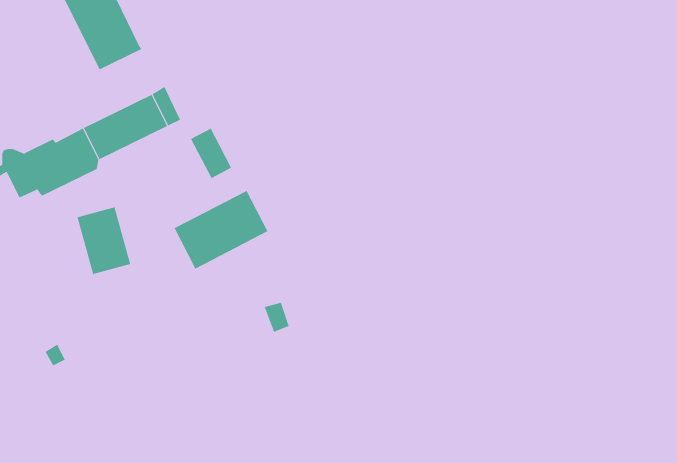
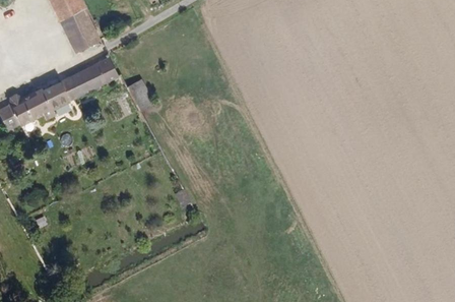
building: [174,190,268,269] -> none
building: [77,207,131,275] -> none

